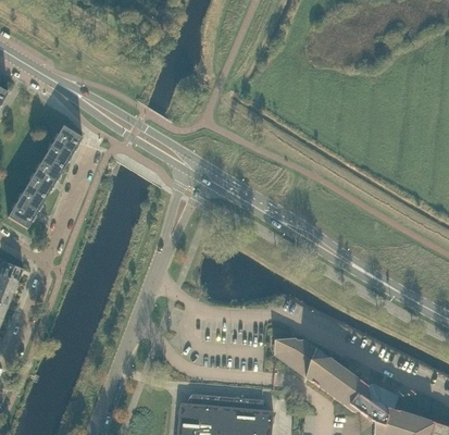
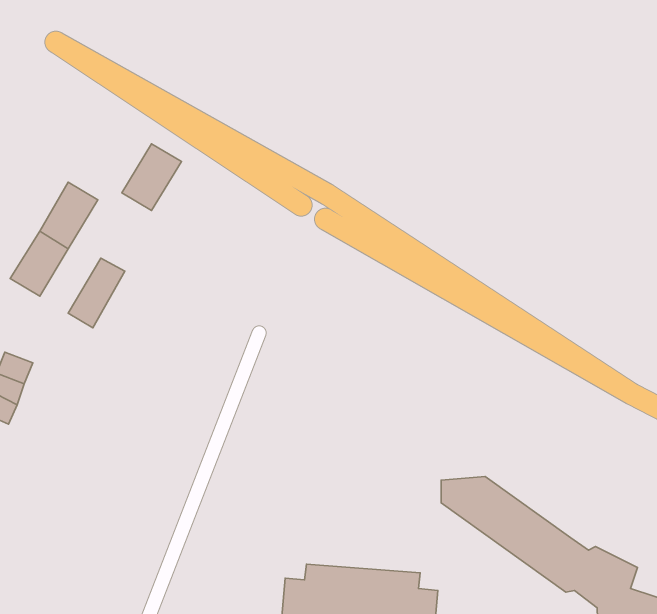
building: [45,126,82,167] -> [122,144,181,210]
building: none -> [68,258,125,328]

